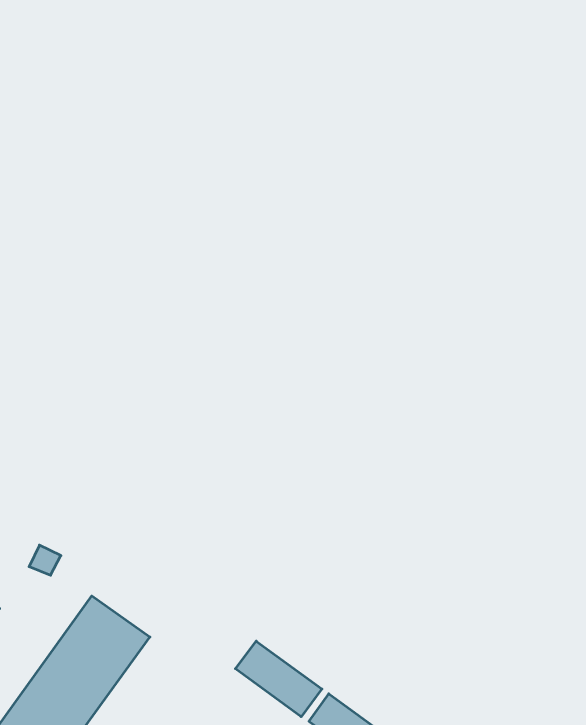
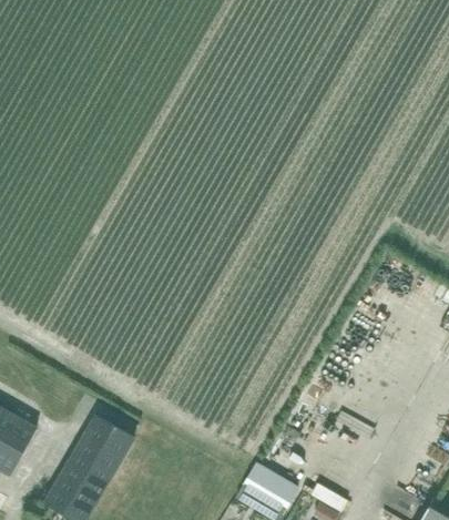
building: [235,641,322,717] -> none

